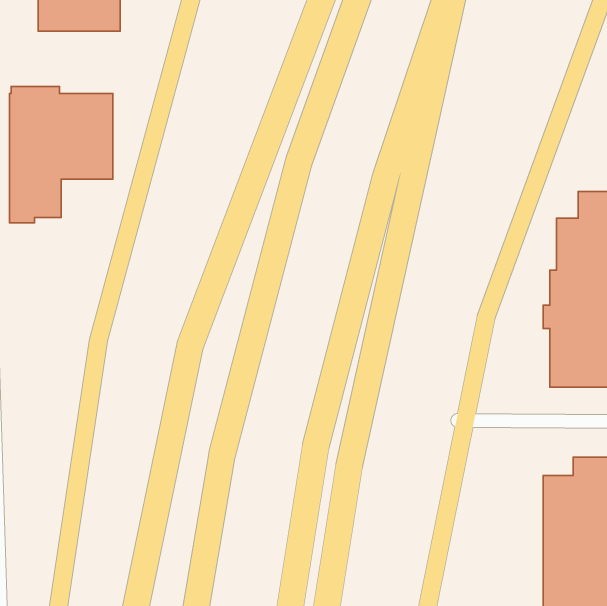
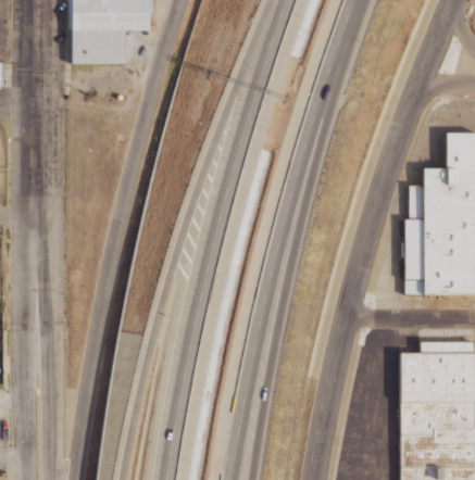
building: [9,87,113,223] -> none

